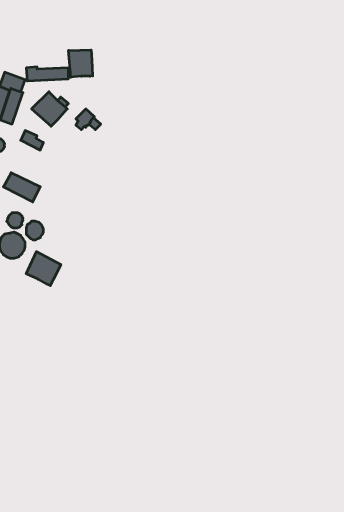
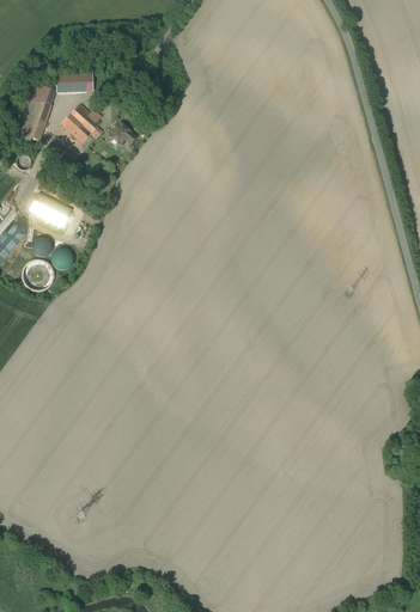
building: [69,50,93,77] -> none
building: [26,252,61,286] -> none

